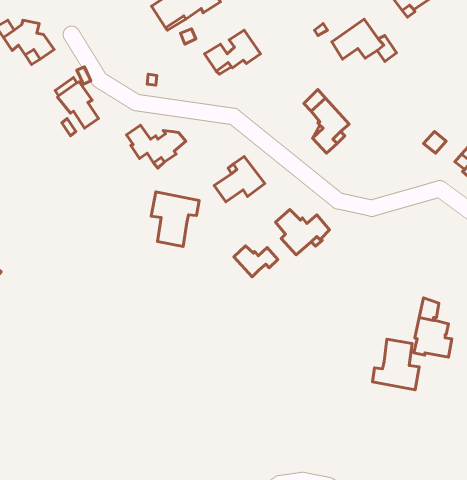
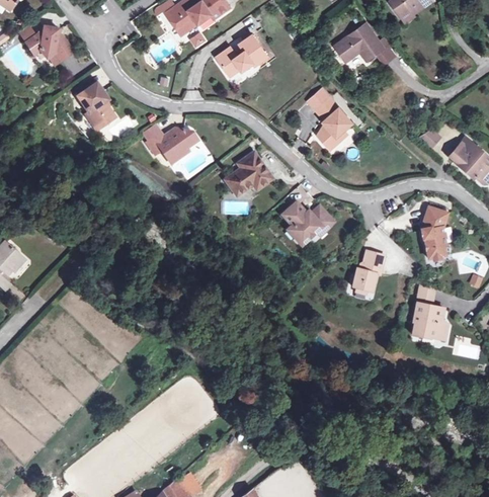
building: [151,192,199,246] -> none
building: none -> [419,206,446,259]
building: [234,246,278,277] -> none
building: none -> [351,251,384,292]
building: [373,339,419,390] -> none

